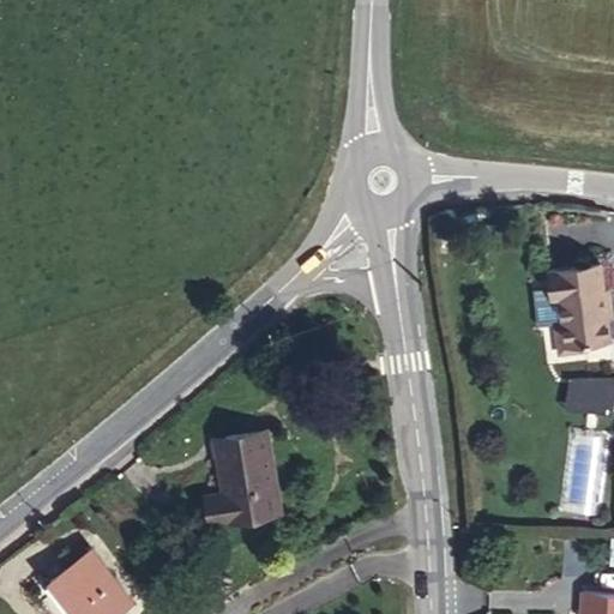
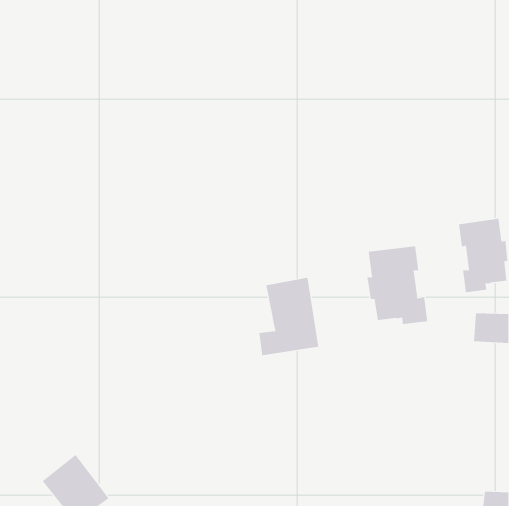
building: none -> [367,246,428,325]
building: [206,431,279,525] -> [258,277,319,356]

